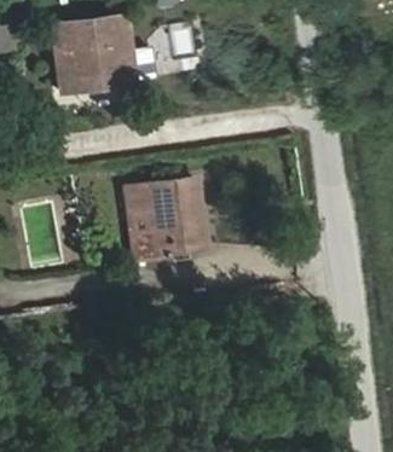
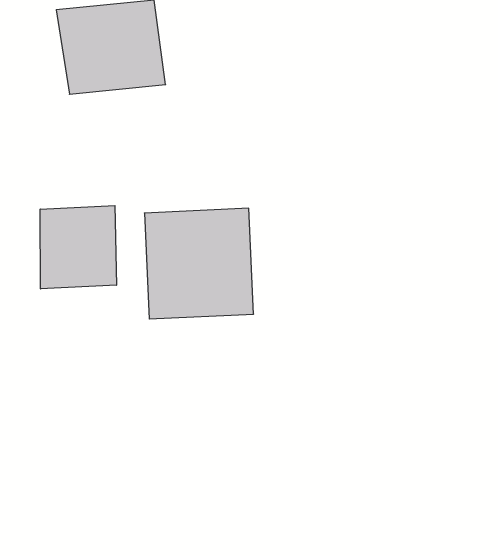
building: none -> [40,206,116,289]

